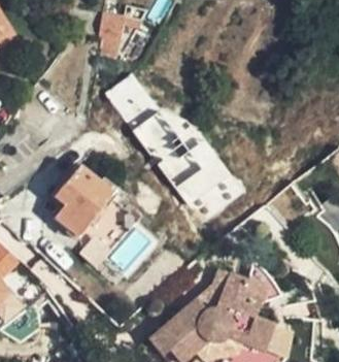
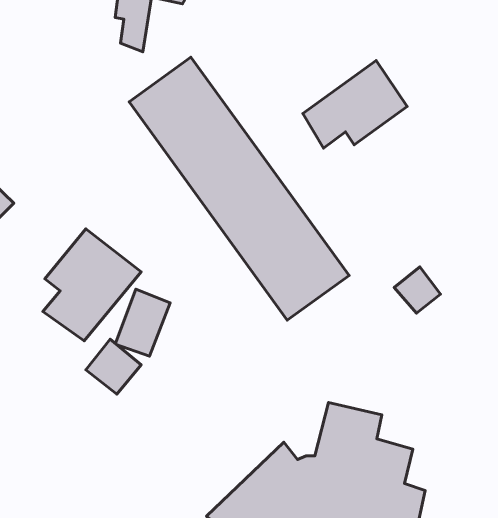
building: none -> [303,60,407,148]

